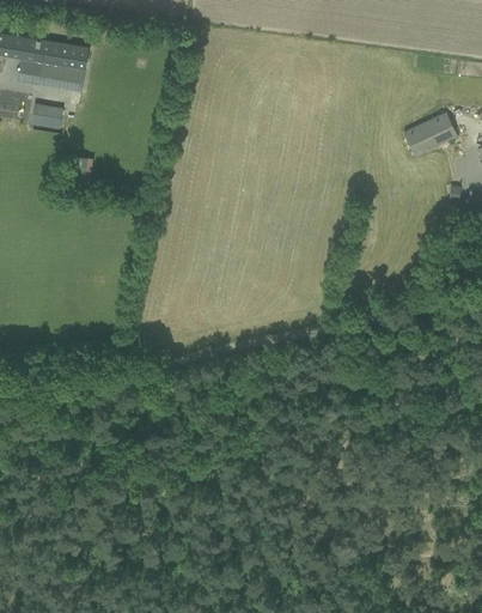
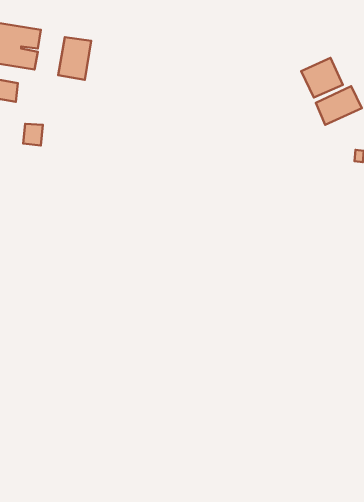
building: none -> [58,37,91,80]
building: none -> [301,58,343,98]

